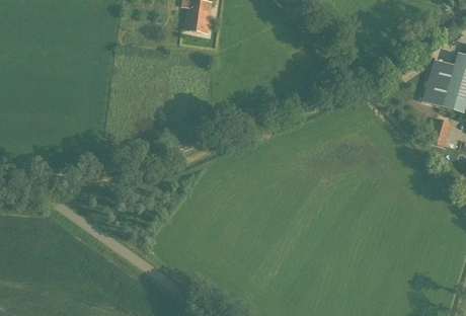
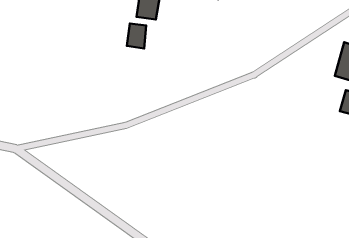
building: none -> [127,23,146,48]

